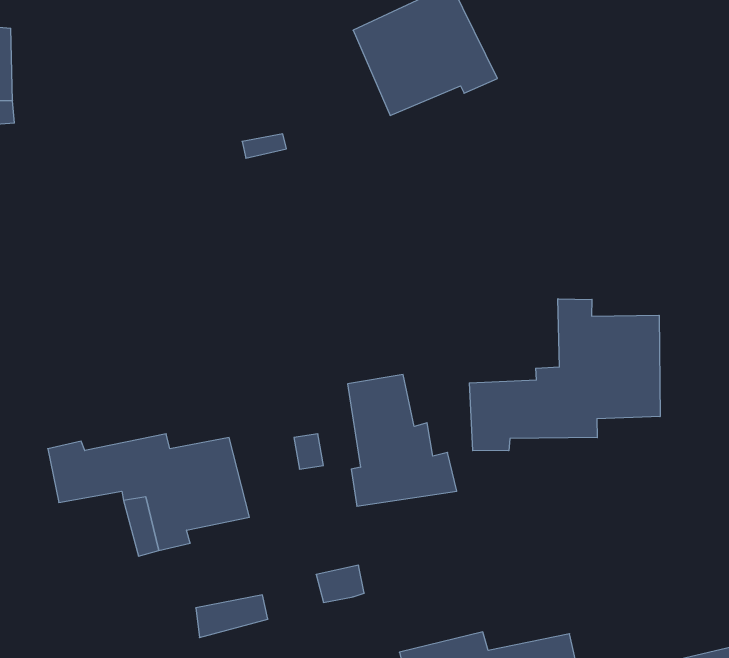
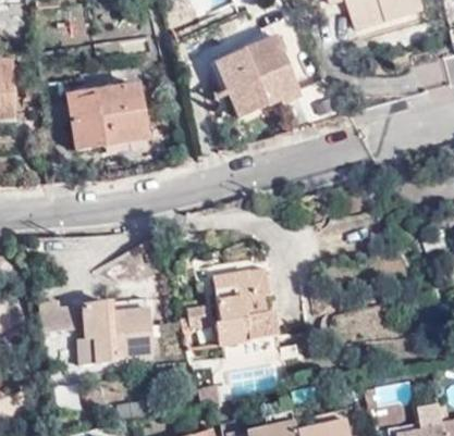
building: none -> [64,85,146,152]
building: [469,299,660,451] -> none

